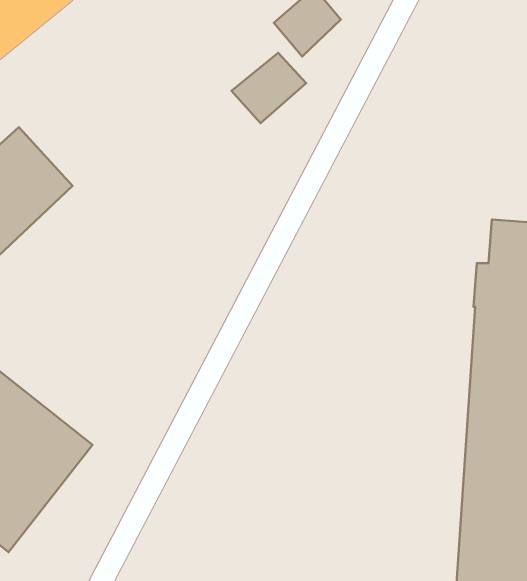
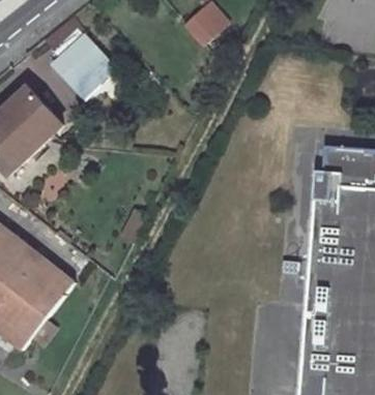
building: none -> [54,34,118,98]
building: [231,53,306,123] -> none

